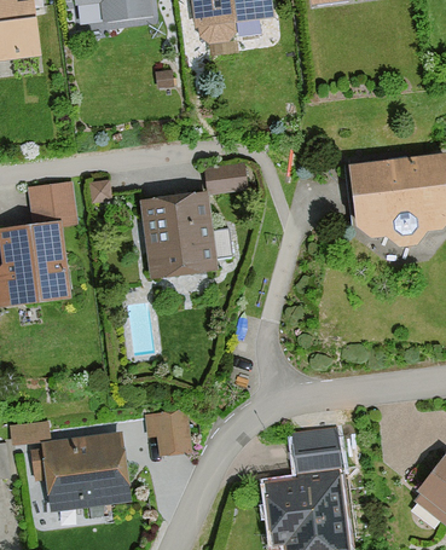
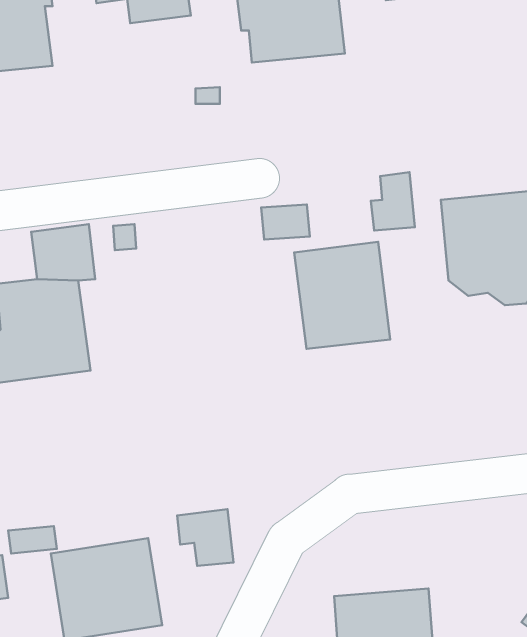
building: none -> [371,172,415,231]
building: [140,192,216,277] -> [294,242,390,349]
building: [291,427,337,467] -> none

